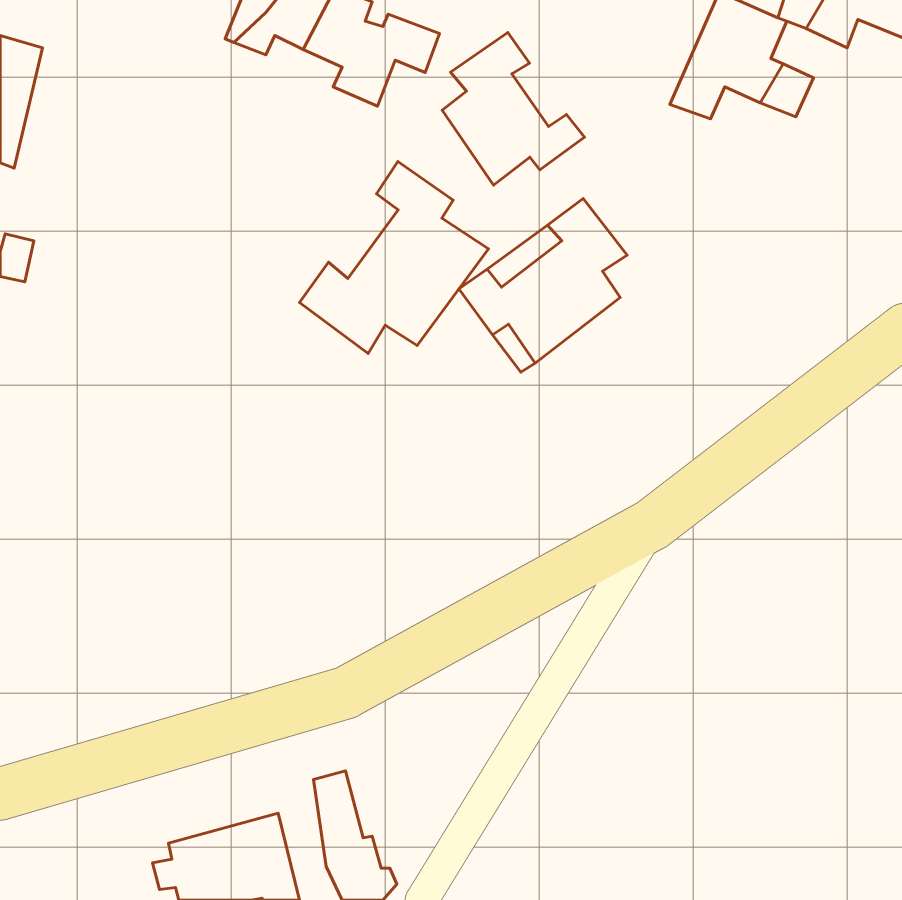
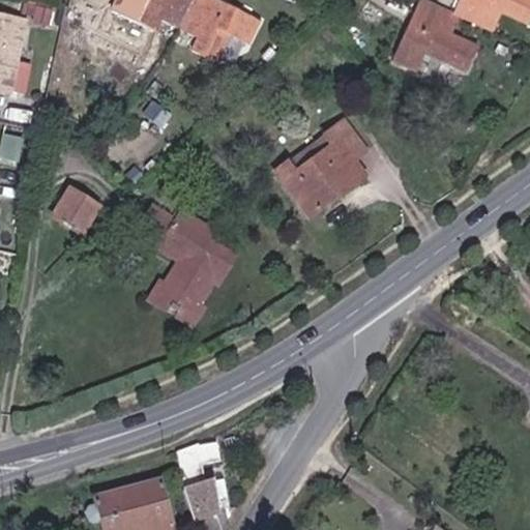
building: [442,33,585,185] -> none
building: [300,161,489,353] -> none
building: none -> [53,185,105,236]
building: none -> [129,212,233,336]

